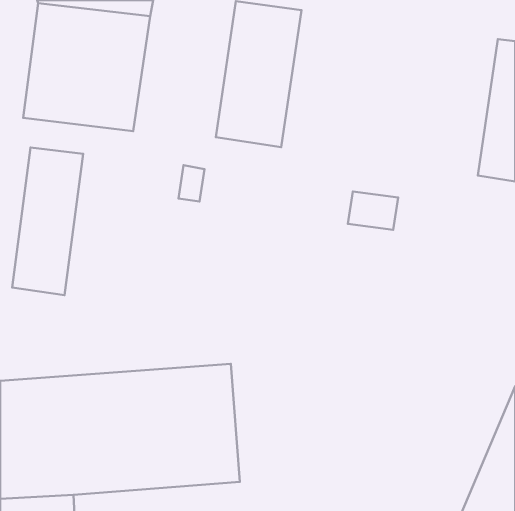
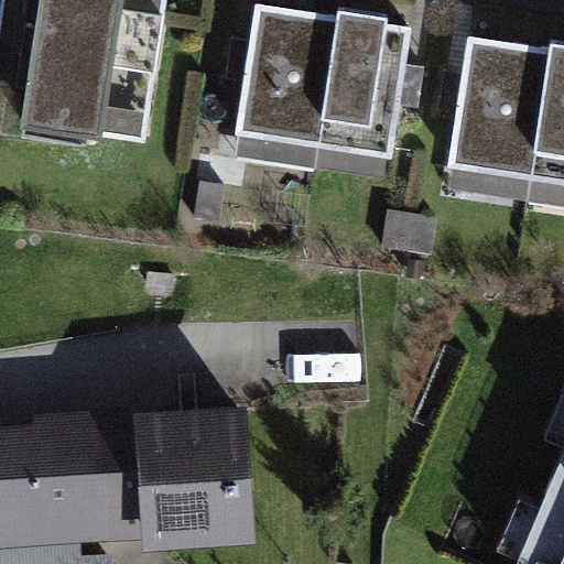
building: none -> [307,15,400,175]
building: none -> [451,37,544,196]
building: [12,147,83,295] -> none

